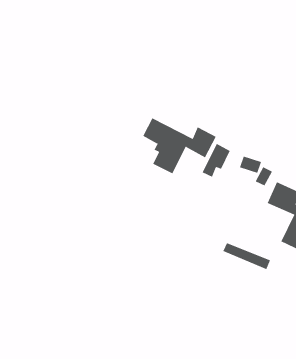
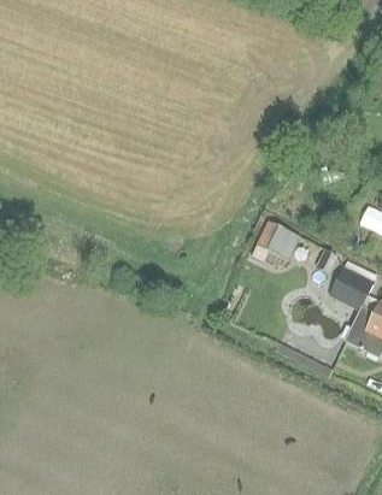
building: [143,117,216,174] -> none

